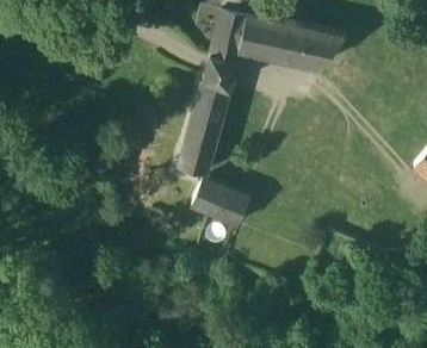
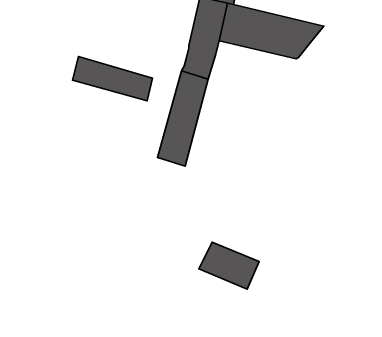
building: none -> [73,57,152,101]
building: [191,180,250,226] -> [199,242,259,289]

